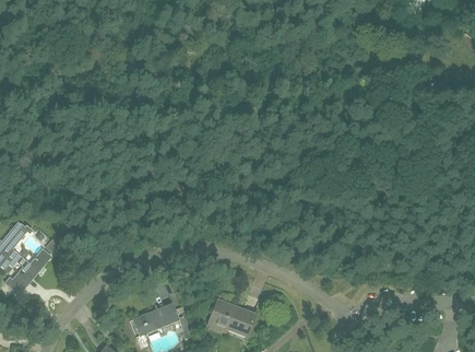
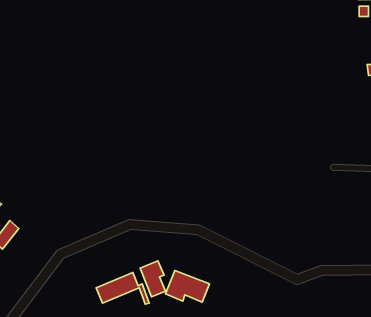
building: none -> [140,261,166,297]

